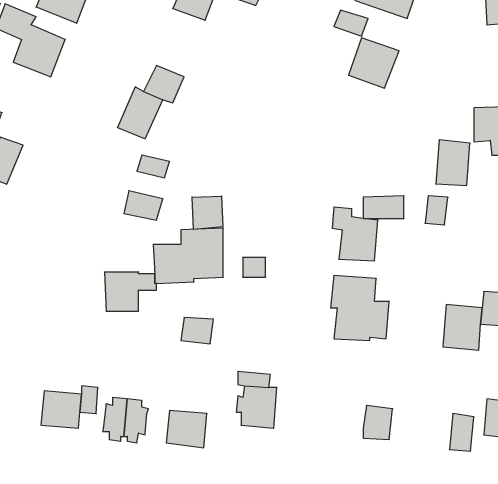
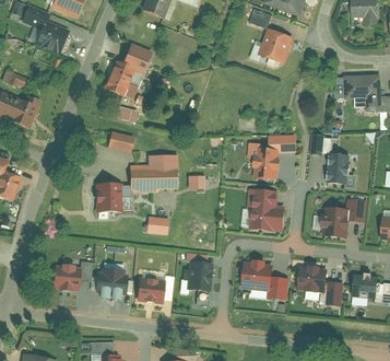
building: [436,140,470,185] -> [327,154,350,185]
building: [192,196,223,229] -> none
building: none -> [240,260,272,291]
building: none -> [296,267,328,291]

